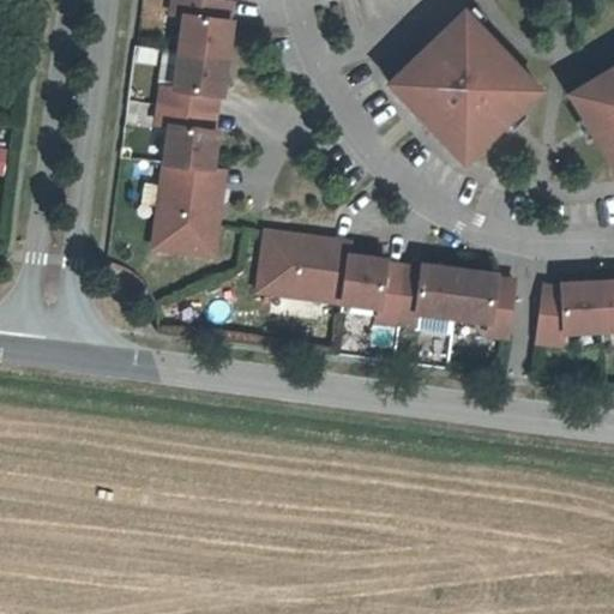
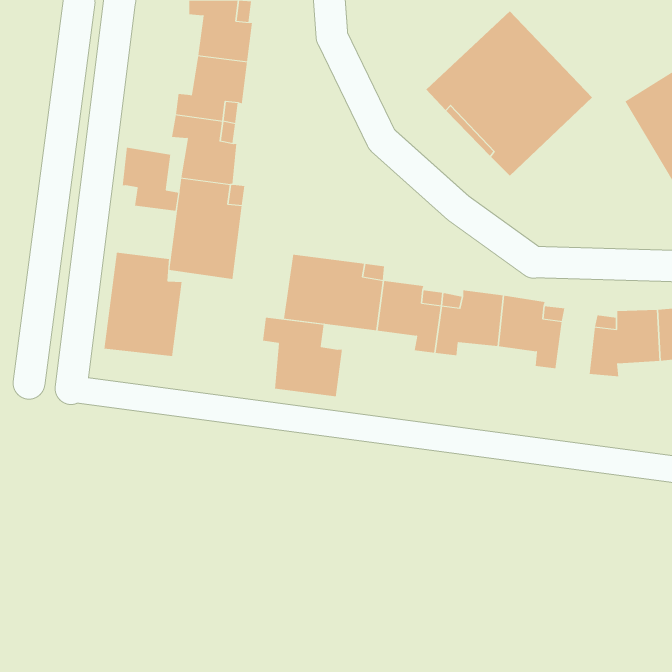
building: none -> [122,147,179,212]
building: none -> [104,252,182,357]
building: none -> [262,317,343,397]

